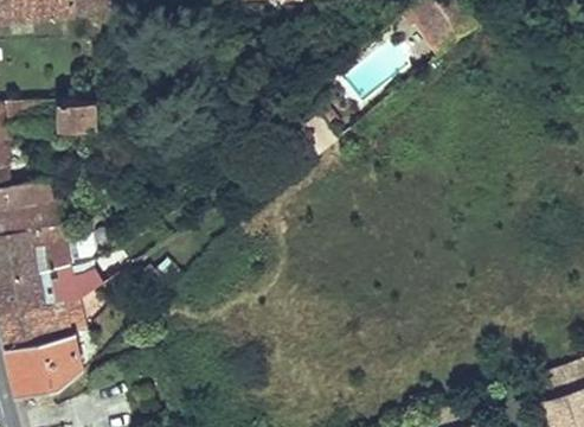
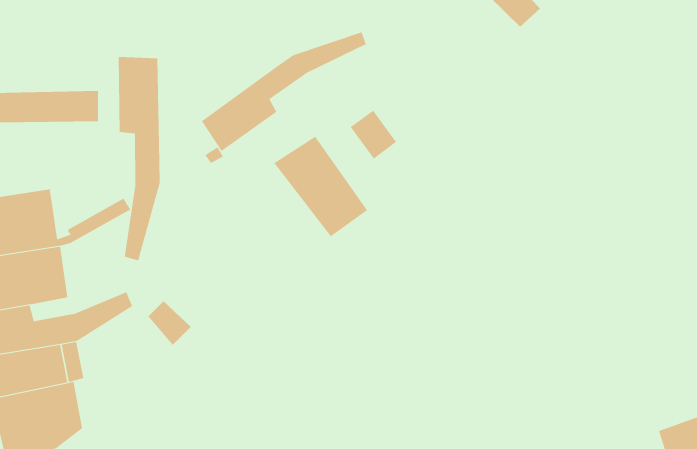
building: none -> [201,31,366,152]
building: none -> [118,56,160,261]
building: none -> [273,136,368,237]

